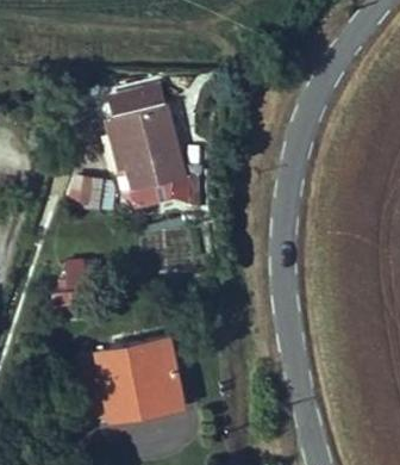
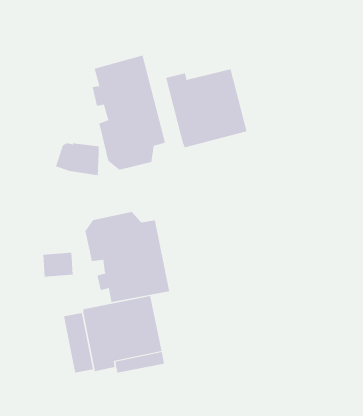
building: none -> [165,68,247,148]
building: none -> [85,211,170,303]

